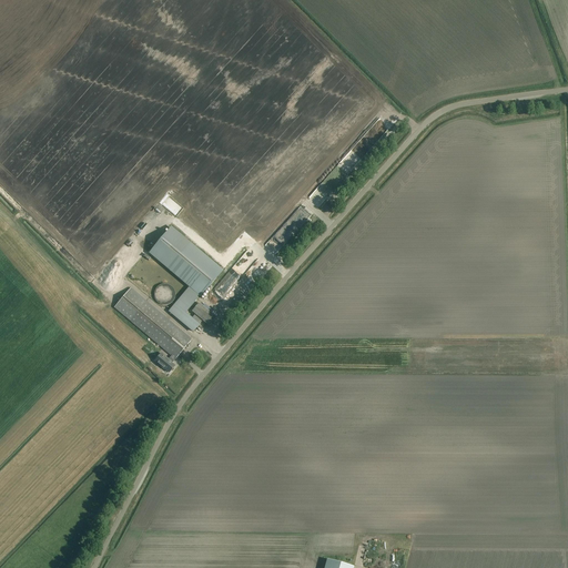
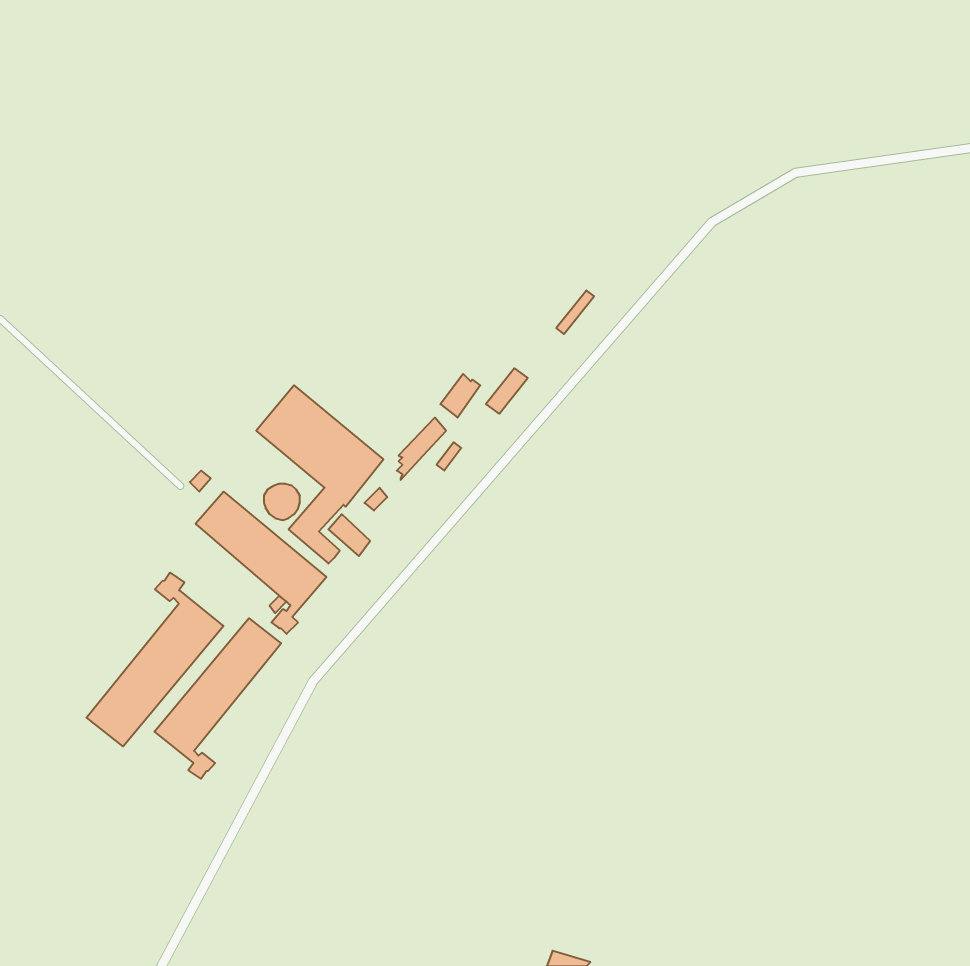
building: none -> [86,573,223,746]
building: none -> [154,618,281,779]

